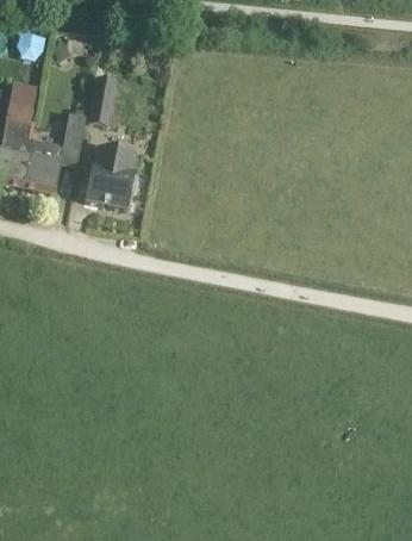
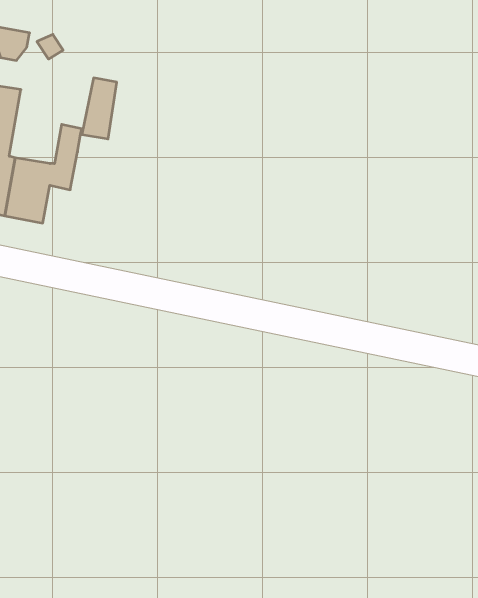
building: [87,143,137,207] -> none

